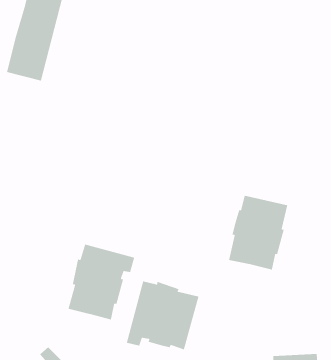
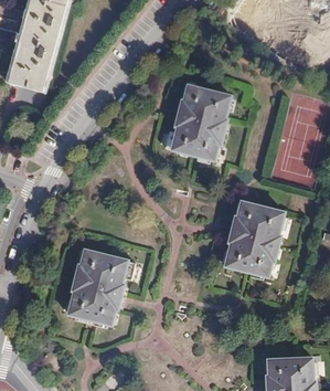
building: none -> [163,86,230,161]
building: [126,280,199,350] -> none

